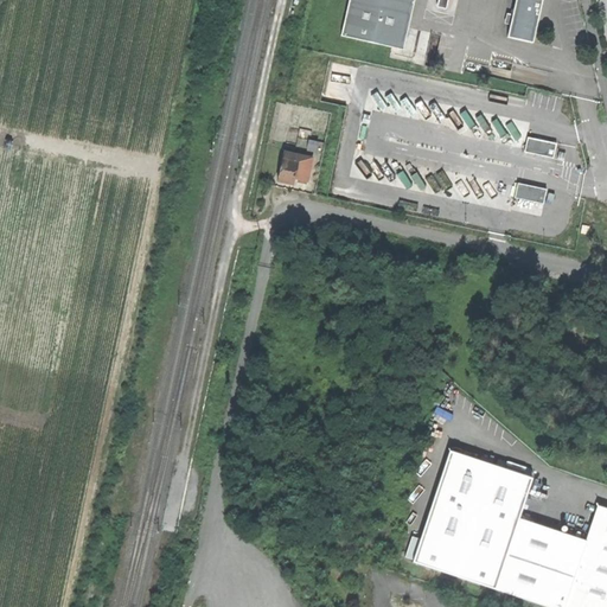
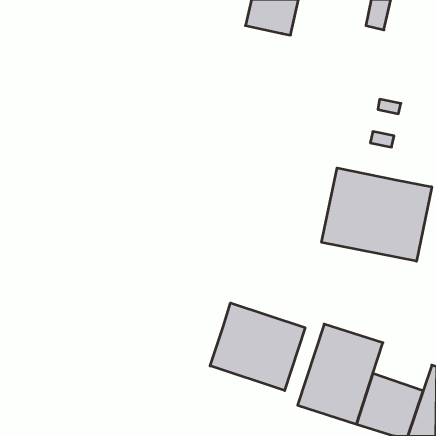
building: [279,151,313,183] -> none
building: none -> [322,168,432,261]
building: none -> [210,303,305,391]

